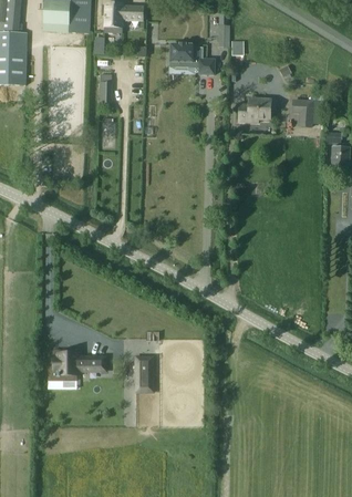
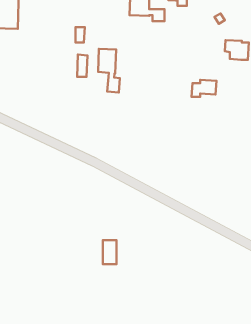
building: [238,99,270,121] -> [192,80,216,97]
building: none -> [98,49,120,93]
building: [49,350,105,381] -> none

